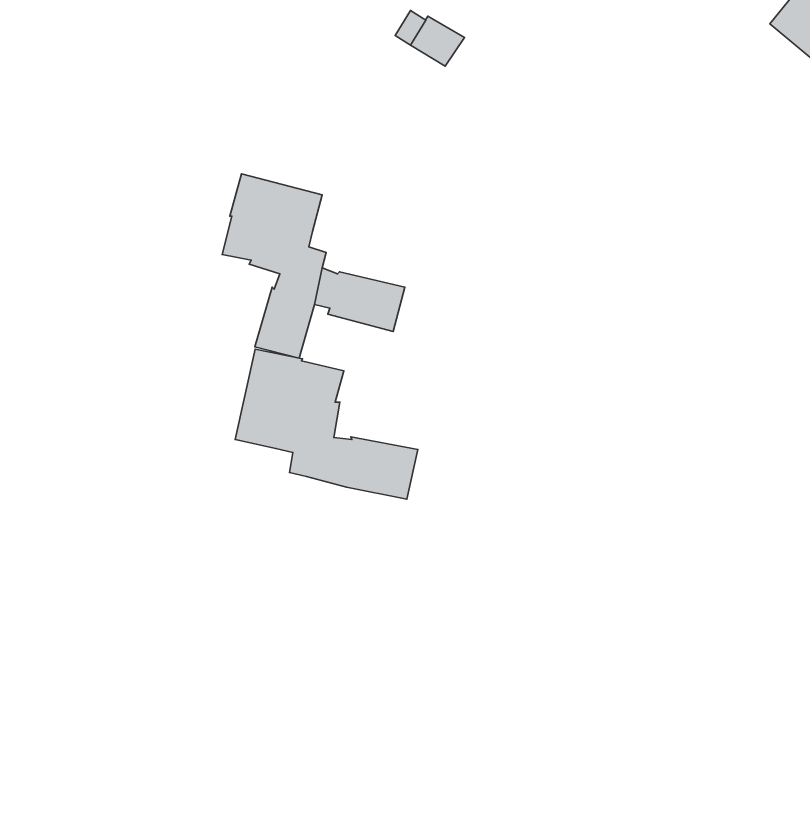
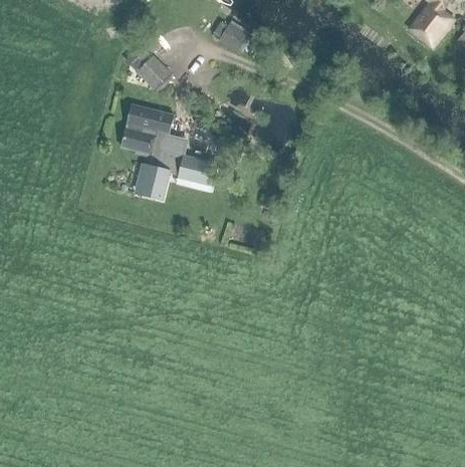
building: none -> [136,54,169,87]
building: [235,349,418,499] -> none

